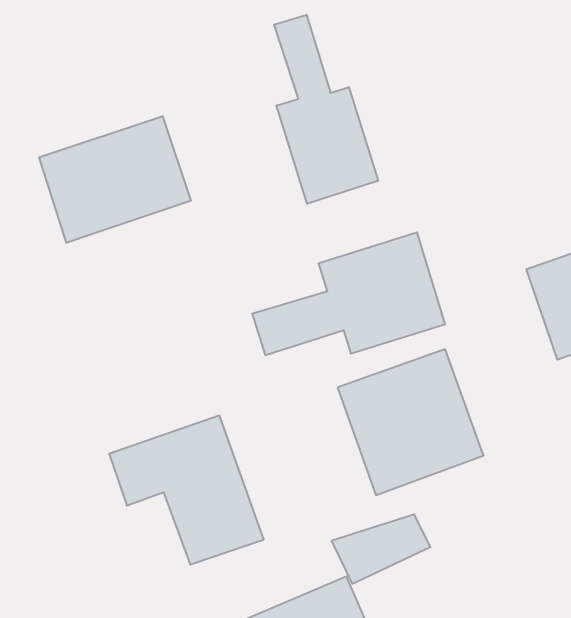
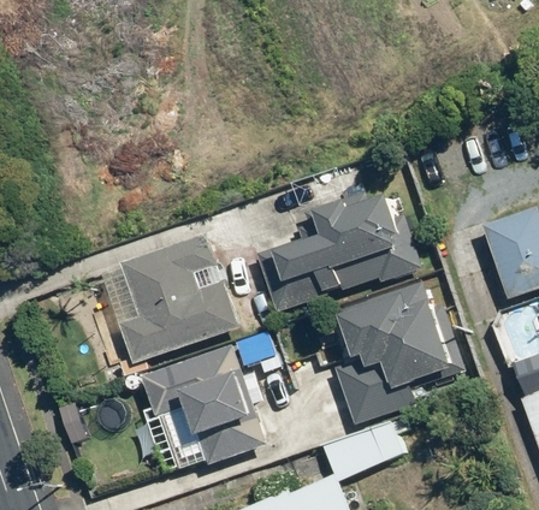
building: [274,15,378,204] -> none
building: [39,116,191,243] -> none
building: none -> [119,231,238,362]

